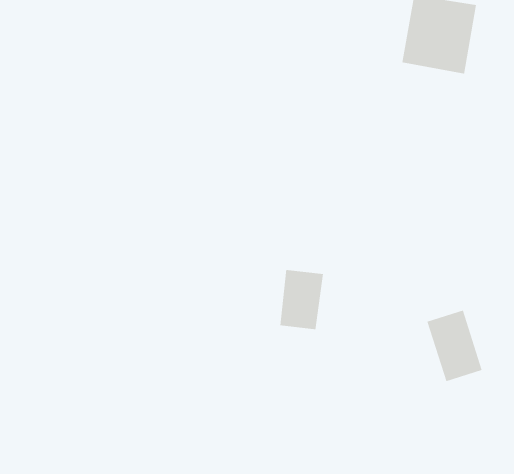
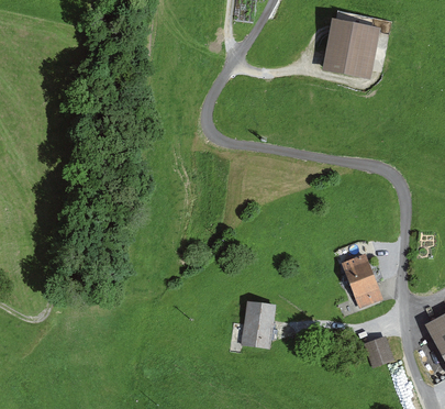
building: [279,270,324,330] -> [242,297,275,342]
building: none -> [365,334,391,363]

